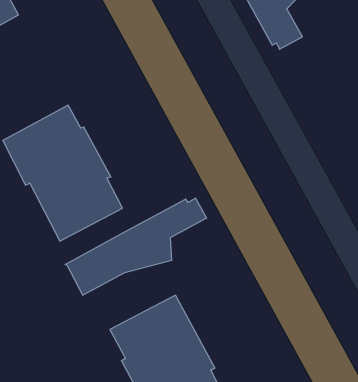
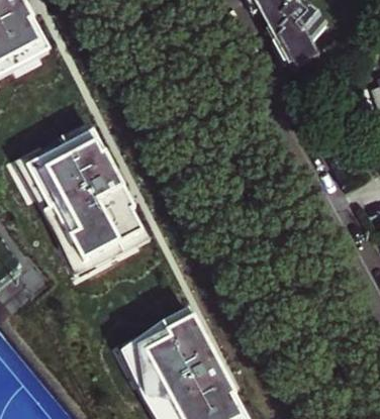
building: [65,198,207,295] -> none

